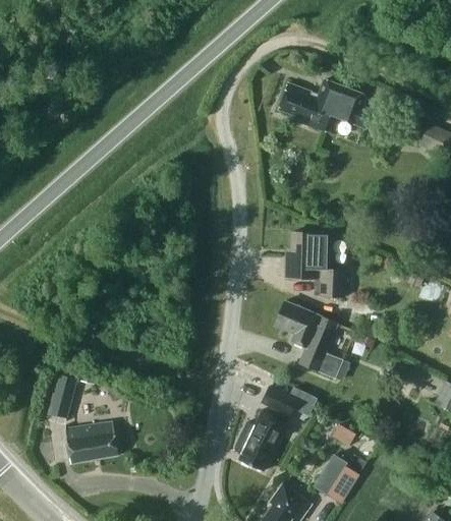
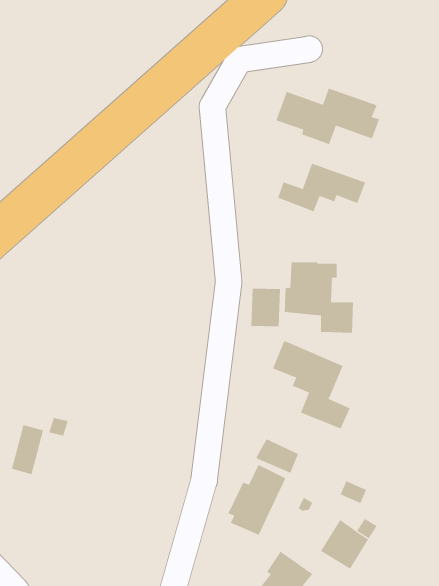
building: none -> [278,163,366,212]
building: none -> [251,288,280,327]
building: [65,422,118,464] -> none

